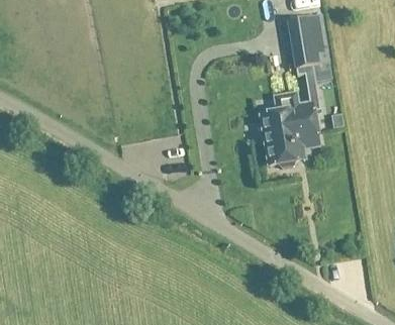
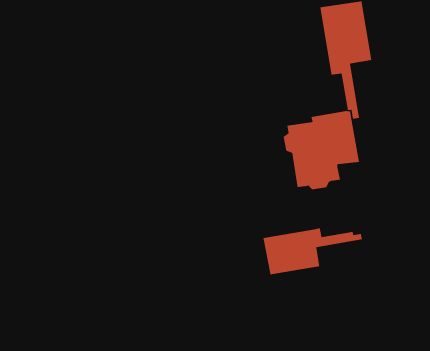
building: none -> [263,228,362,275]

